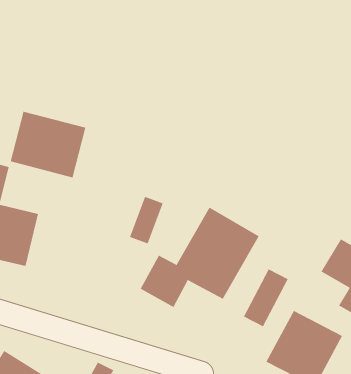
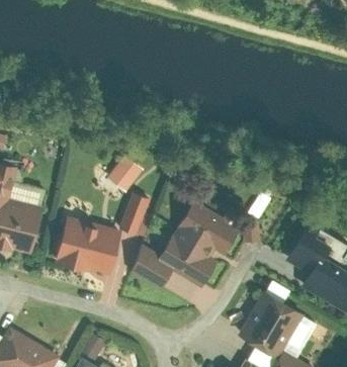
building: [10,111,86,178] -> [56,217,121,275]
building: none -> [106,154,145,192]
building: [243,269,288,327] -> none

